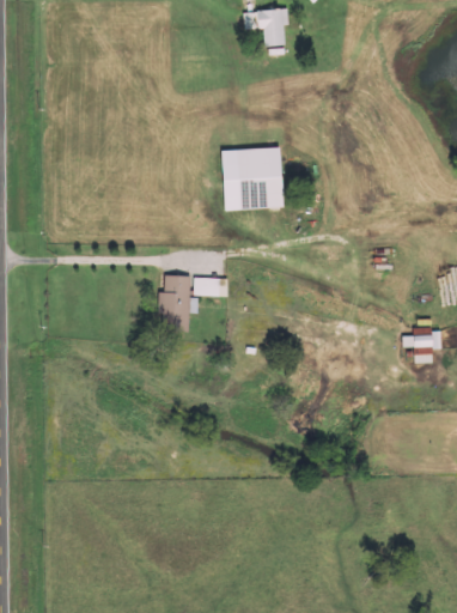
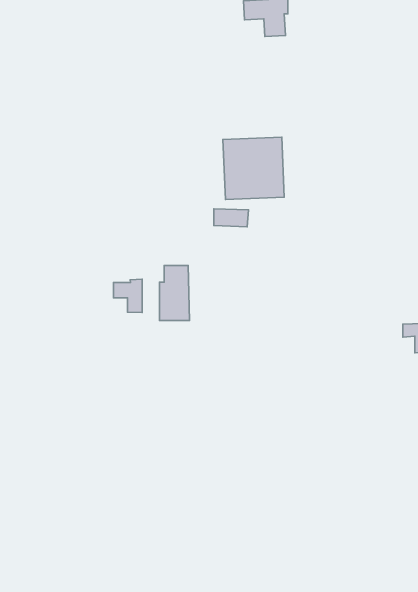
building: [193,278,227,296] -> [214,209,248,227]
building: none -> [114,279,142,312]

